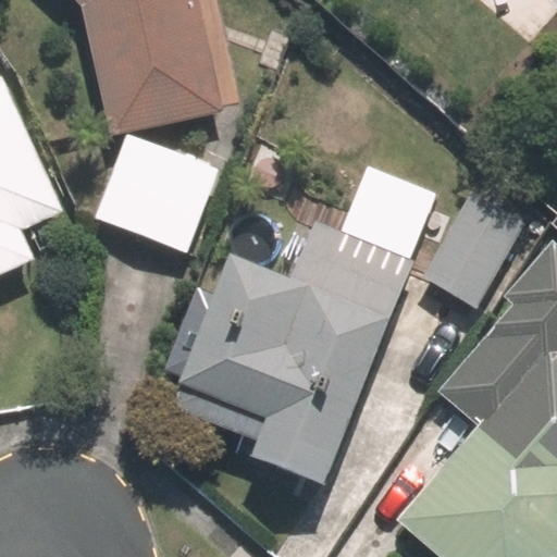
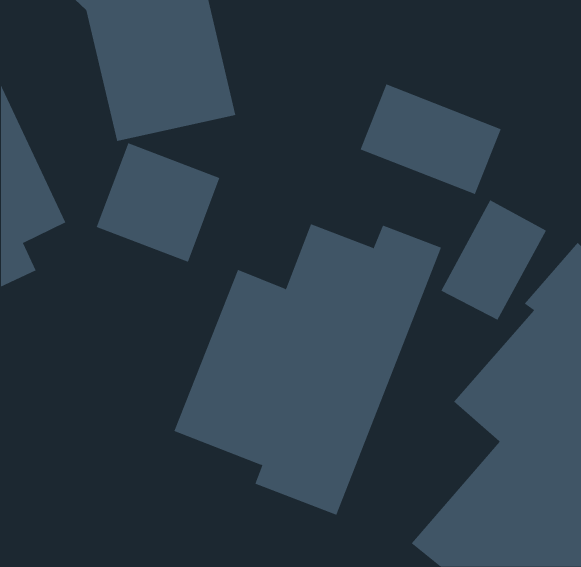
building: none -> [360,84,501,195]

